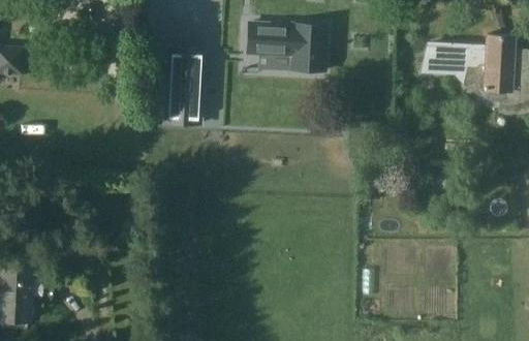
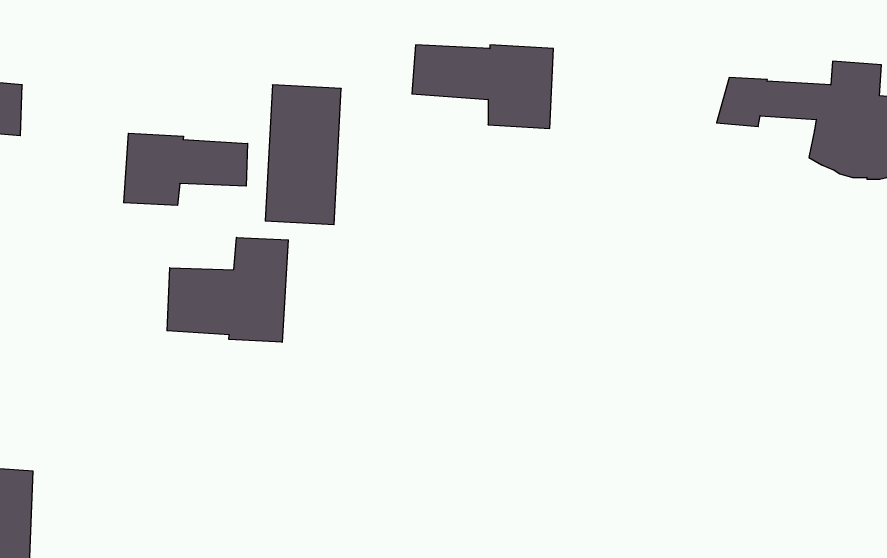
building: none -> [124,133,248,205]
building: none -> [167,237,288,342]

